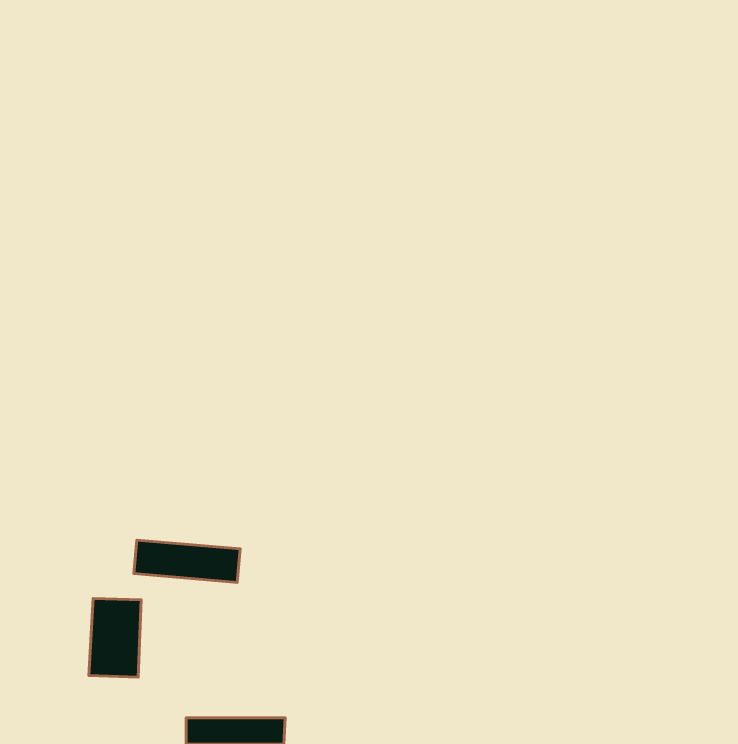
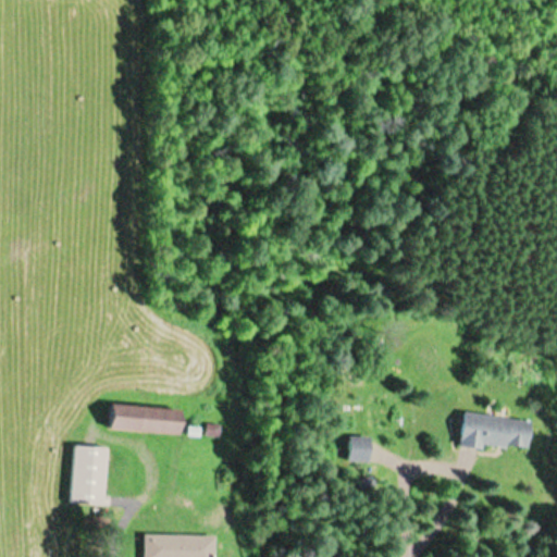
building: none -> [460,414,533,451]
building: none -> [349,437,373,463]

